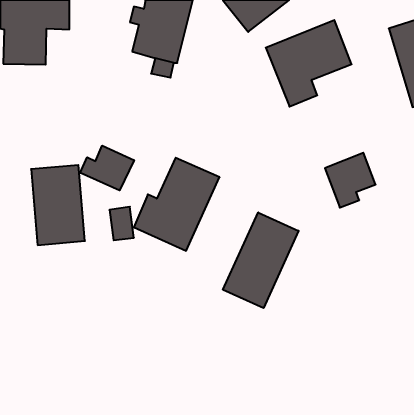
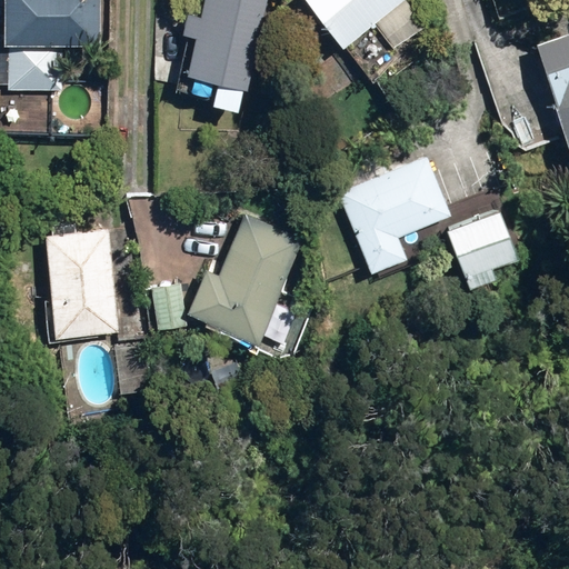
building: [266,20,352,107] -> [336,156,452,273]
building: [80,146,134,190] -> none
building: [223,212,299,308] -> none

